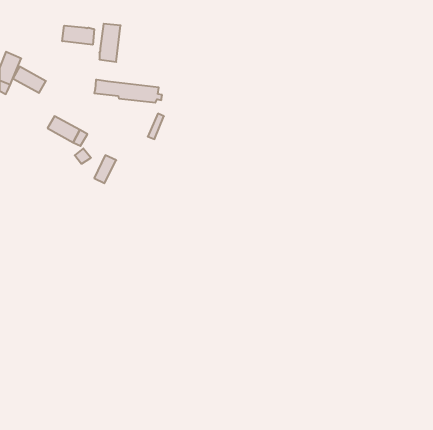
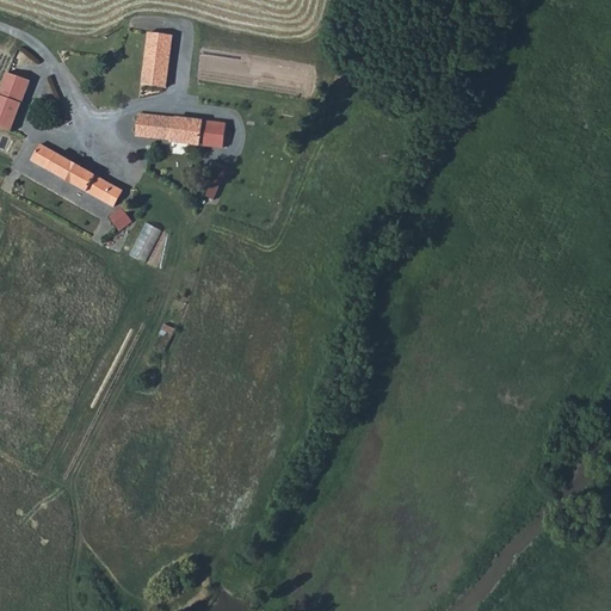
building: [62,26,94,45] -> none
building: [13,67,46,93] -> [30,143,76,180]

